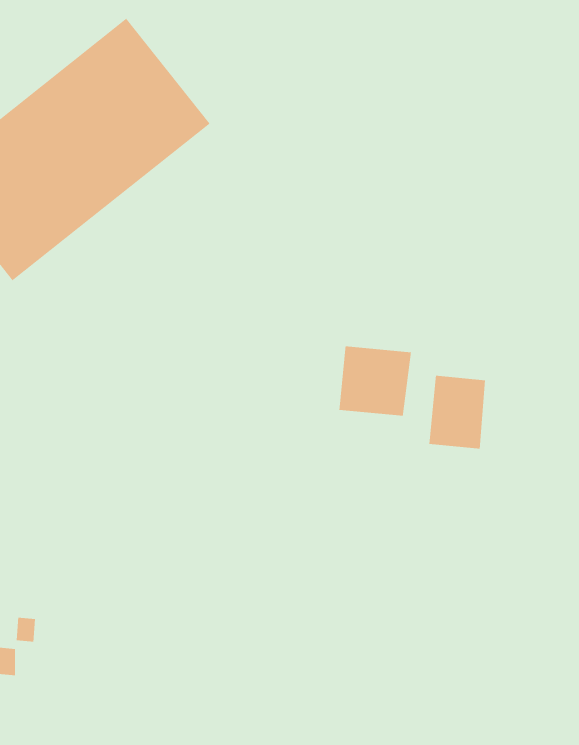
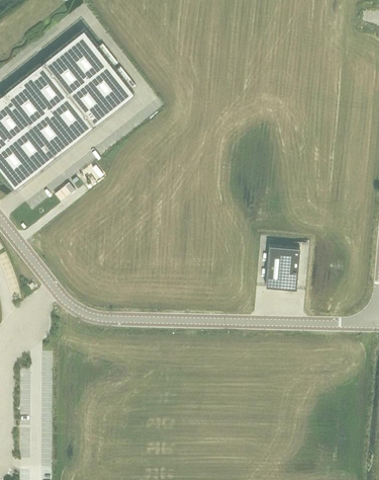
building: [339,345,412,417] -> none

